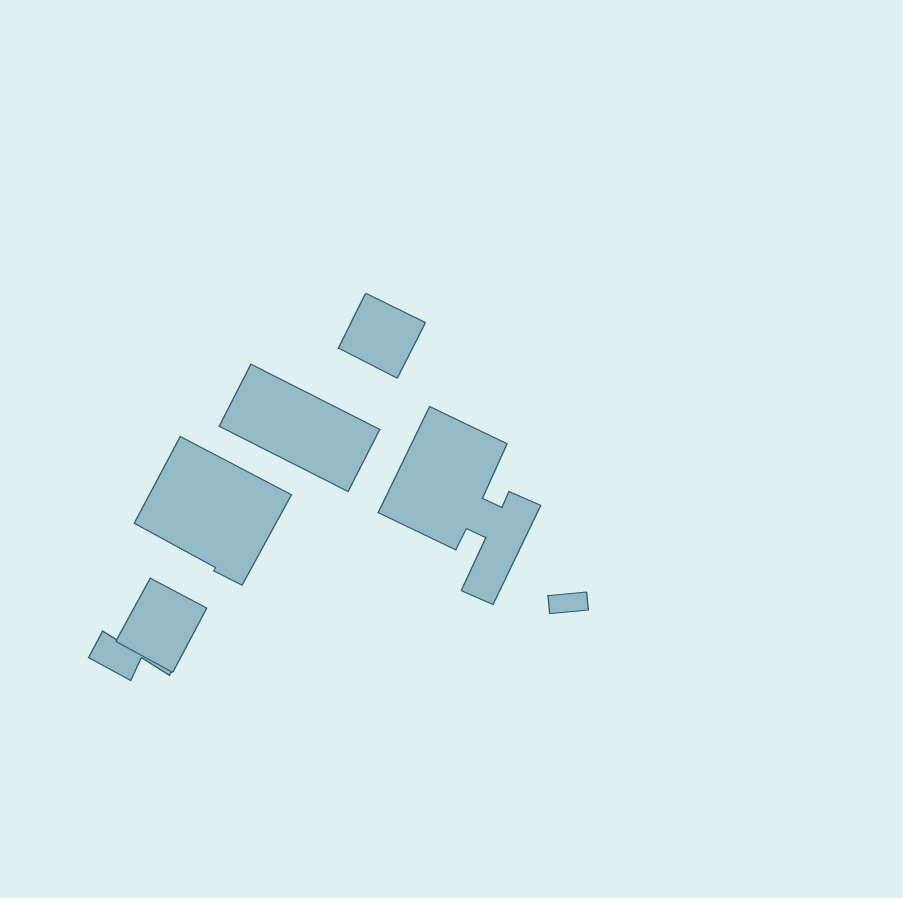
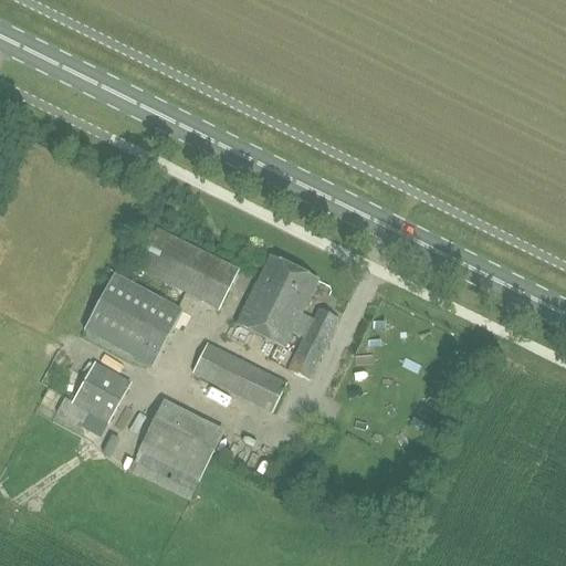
building: [338,293,425,378] -> none
building: none -> [193,343,286,410]
building: none -> [129,400,222,500]

